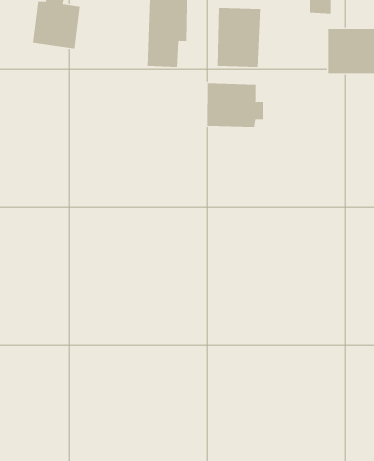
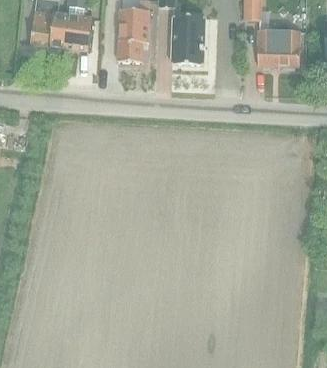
building: none -> [63,14,93,50]
building: [207,82,264,128] -> none

